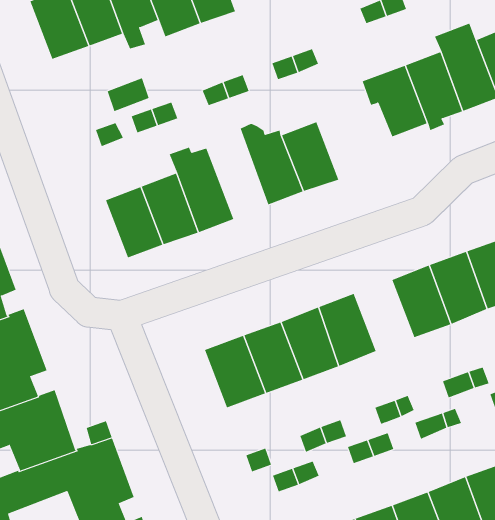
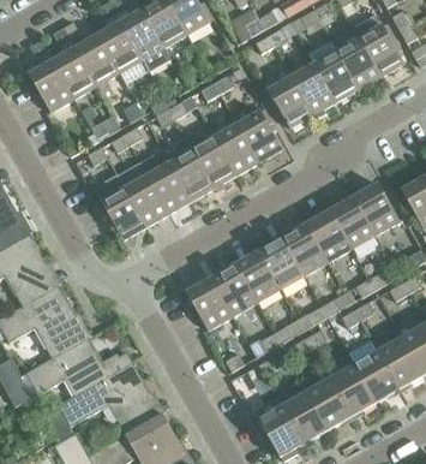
building: none -> [236,108,281,161]
building: none -> [164,137,212,200]
building: none -> [281,224,326,274]

